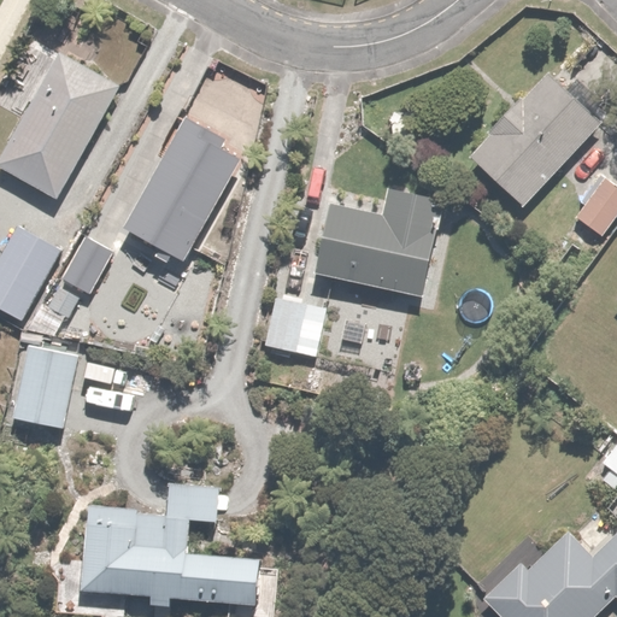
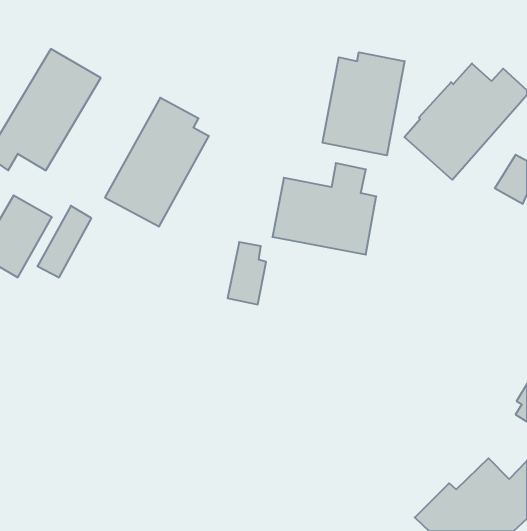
building: none -> [323,52,405,155]
building: [11,342,80,429] -> none
building: [80,483,260,601] -> none

